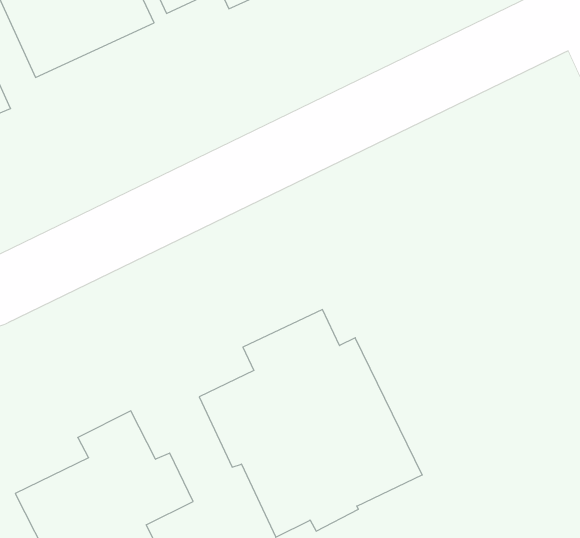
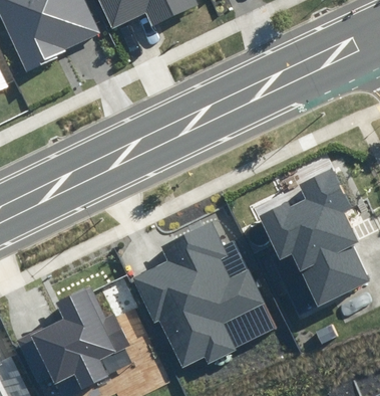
building: none -> [258,169,368,313]

